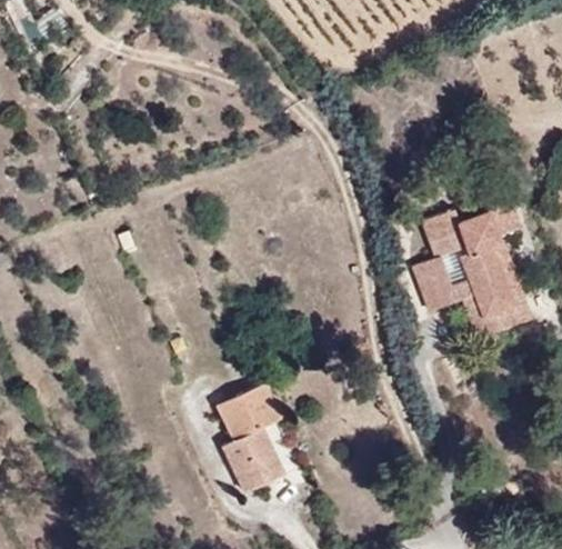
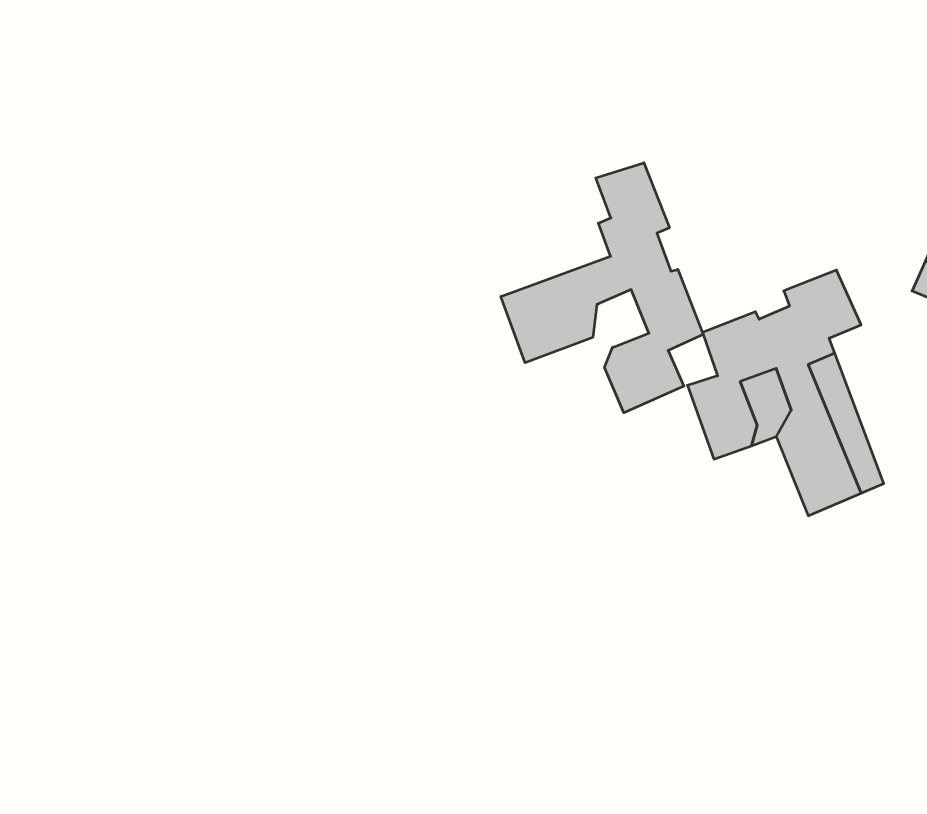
building: none -> [501,163,703,413]
building: [215,380,284,490] -> none

